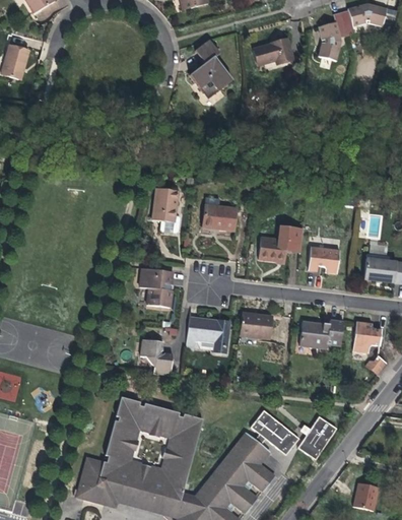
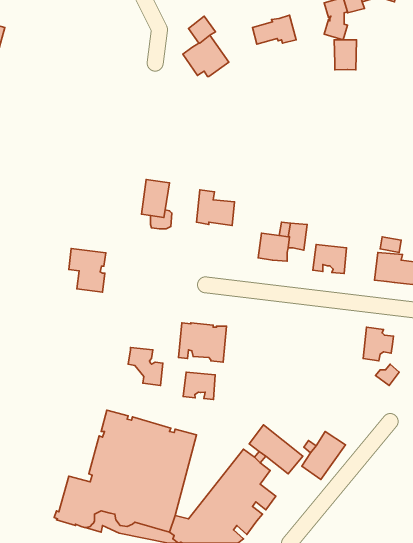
building: none -> [334,40,356,70]
building: [139,268,173,308] -> [69,248,106,292]
building: [240,314,272,338] -> none
building: [299,320,343,348] -> none
building: none -> [183,372,215,399]
building: [352,483,378,511] -> none

